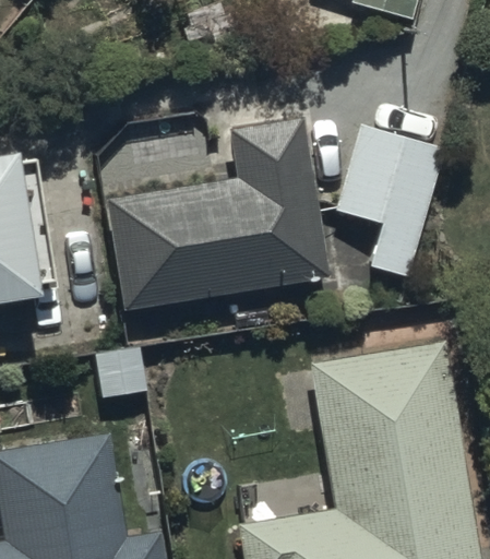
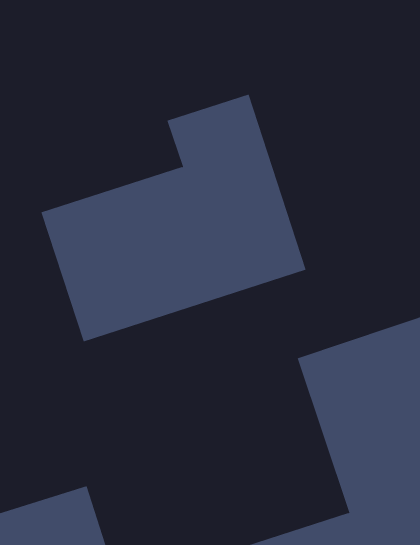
building: [330,126,444,280] -> none

